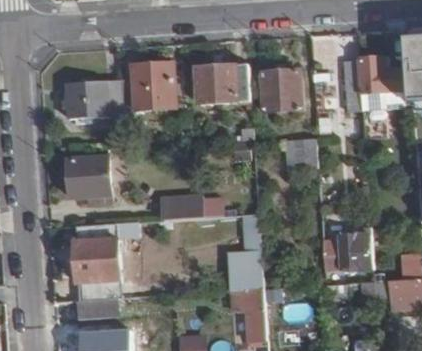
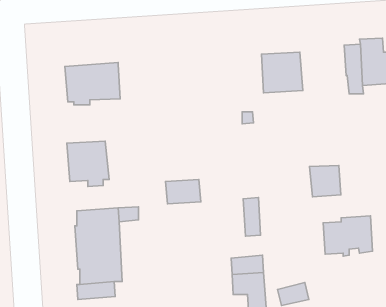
building: [118,65,174,118] -> none
building: [196,65,249,103] -> none
building: [285,139,316,170] -> [309,166,341,197]

